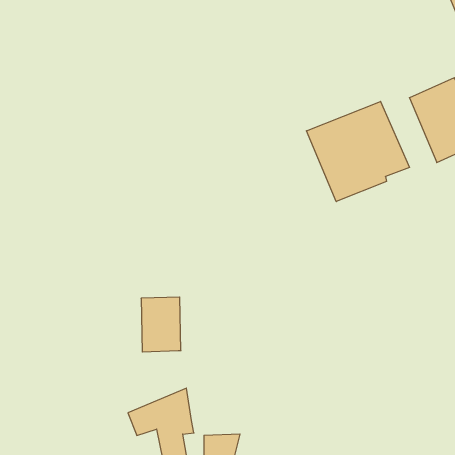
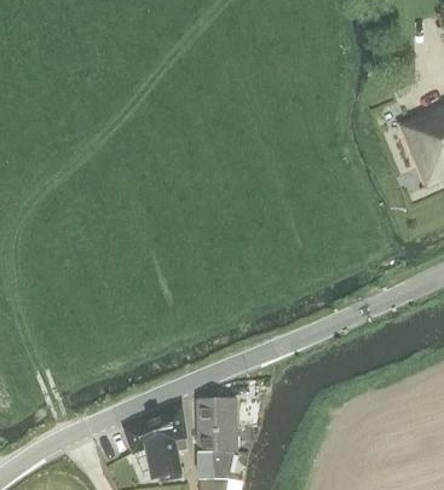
building: [306,101,410,202] -> none
building: [141,297,181,352] -> [197,399,236,452]

